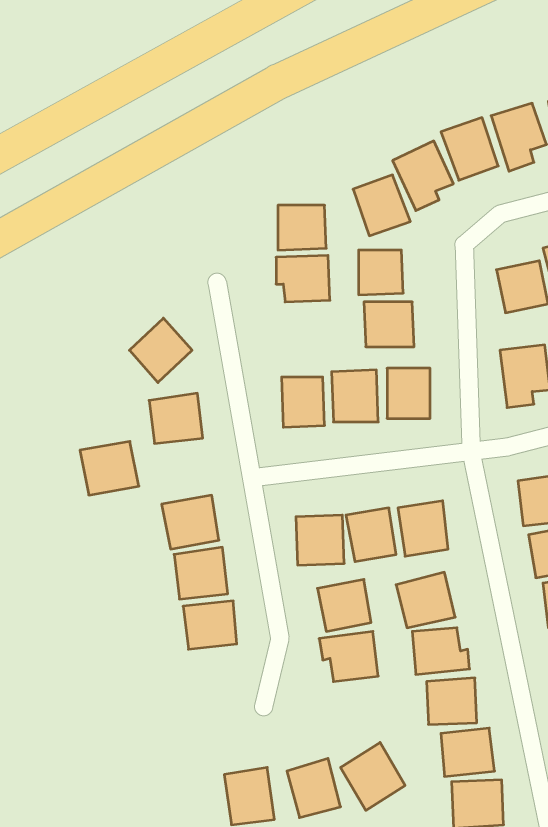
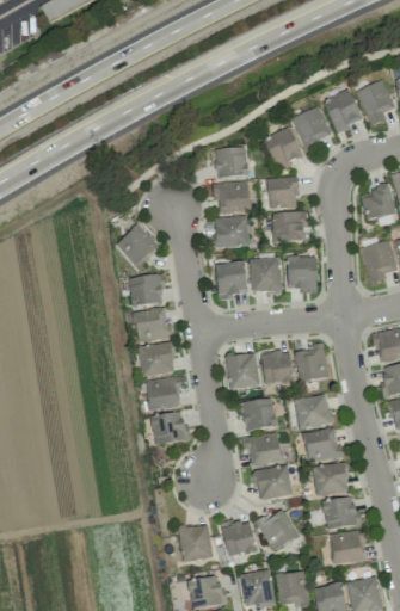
building: none -> [215,216,248,248]
building: [80,441,139,495] -> [133,307,172,342]
building: none -> [256,465,293,499]

